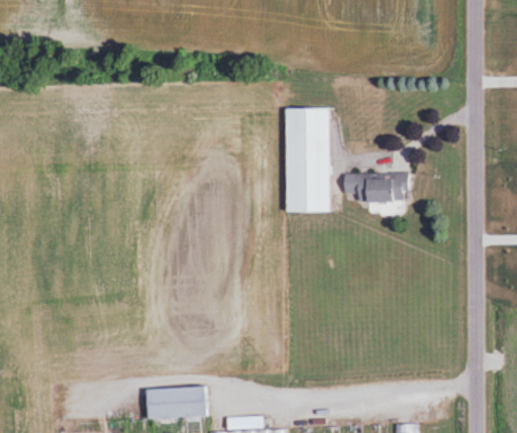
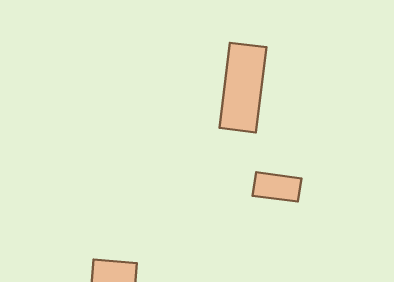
building: [351,172,408,201] -> [252,172,302,201]

